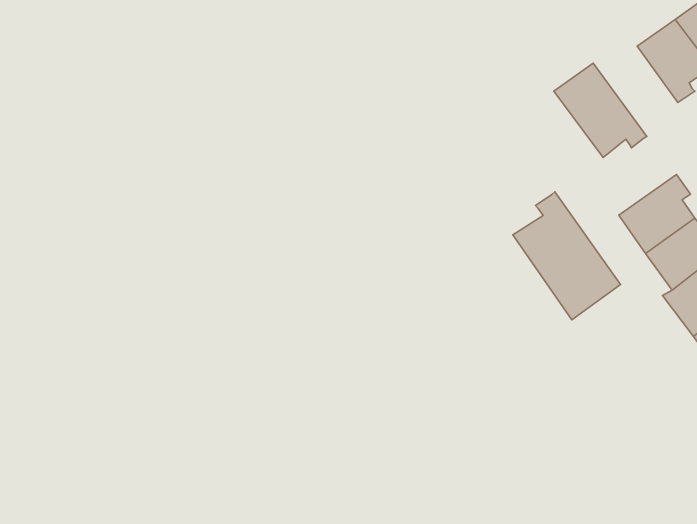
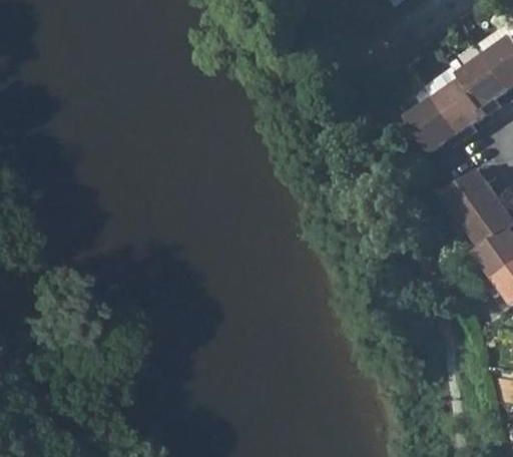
building: none -> [428,67,488,137]
building: [513,192,620,320] -> none

